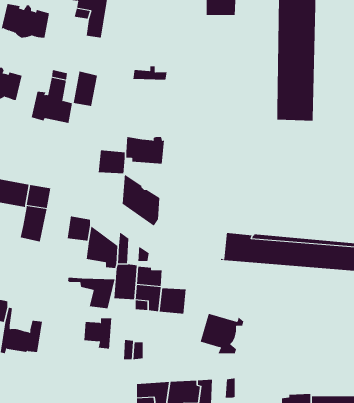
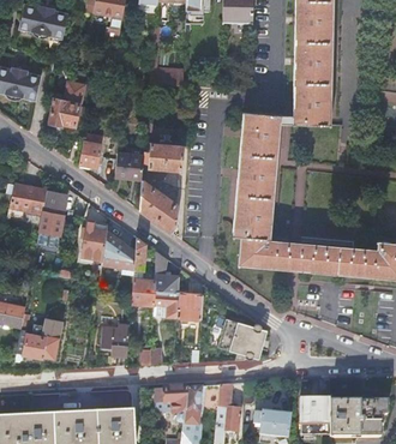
building: [73,71,98,107] -> [79,131,104,167]
building: none -> [233,110,282,239]
building: [68,277,115,309] -> none

